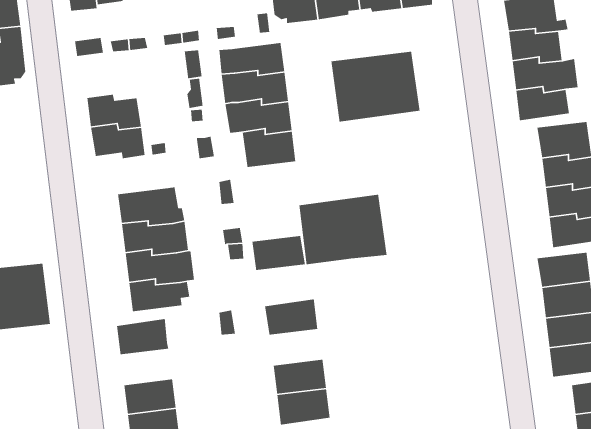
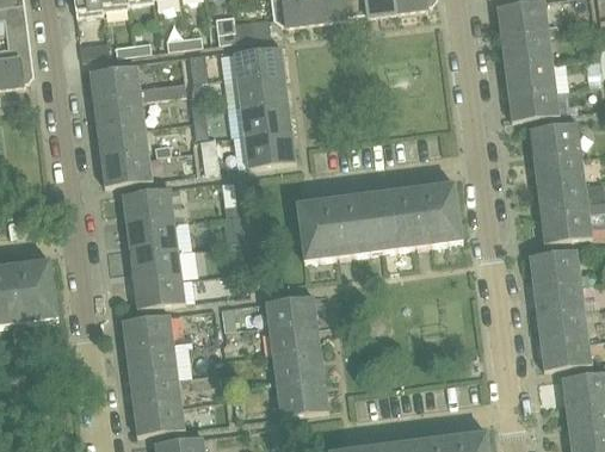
building: [330,51,420,122] -> [375,182,462,252]
building: none -> [88,63,184,101]
building: none -> [100,153,152,186]
building: [252,235,306,271] -> [268,323,321,358]
building: none -> [124,342,175,377]

